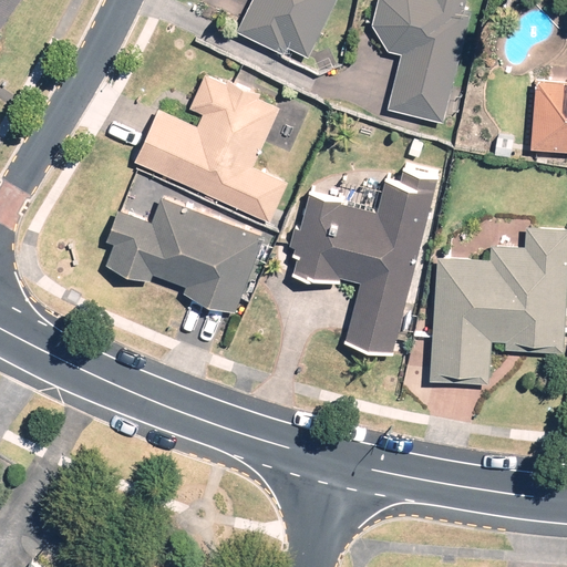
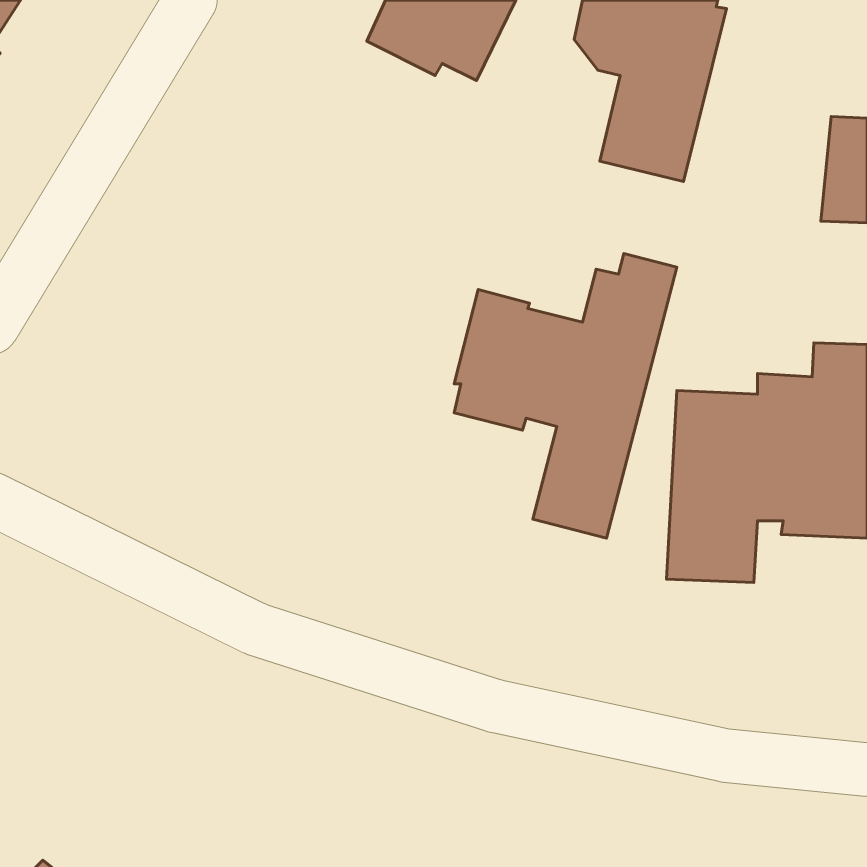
building: [133,75,287,224] -> none
building: [106,196,262,312] -> none

